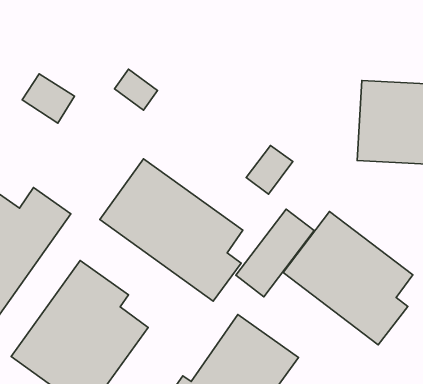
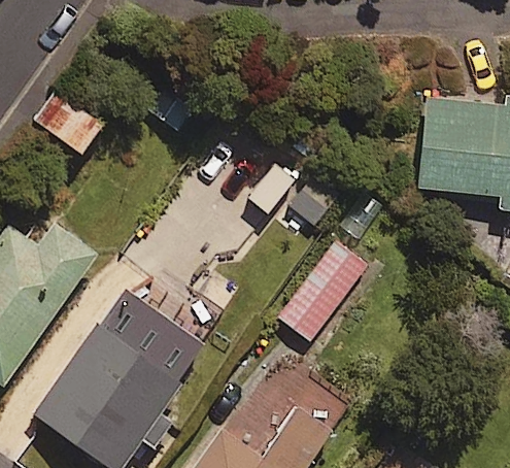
building: [100,159,243,301] -> none
building: [283,212,413,345] -> none

